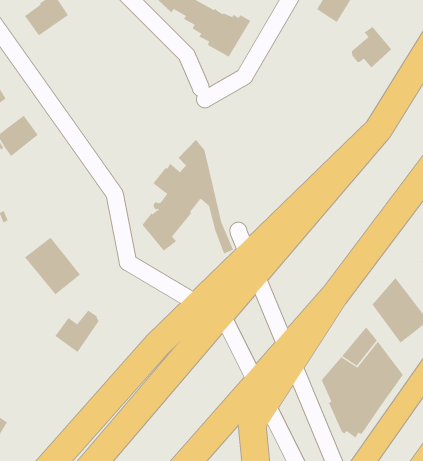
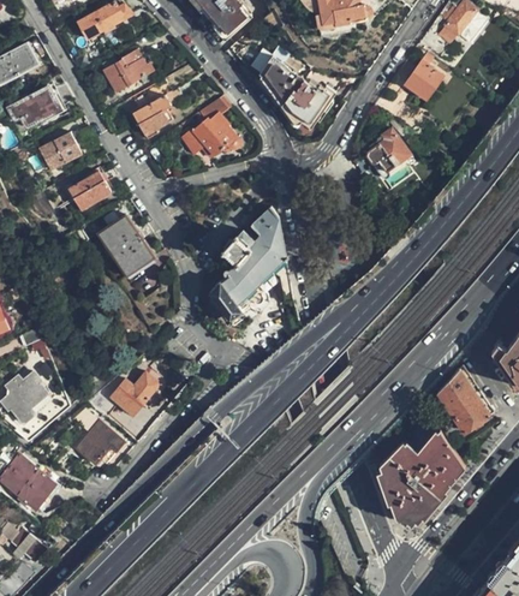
building: [351,26,392,68] -> [365,129,407,172]
building: none -> [179,96,239,156]
building: none -> [135,94,172,135]
building: [24,237,81,295] -> [99,215,155,275]
building: none -> [73,419,124,466]

